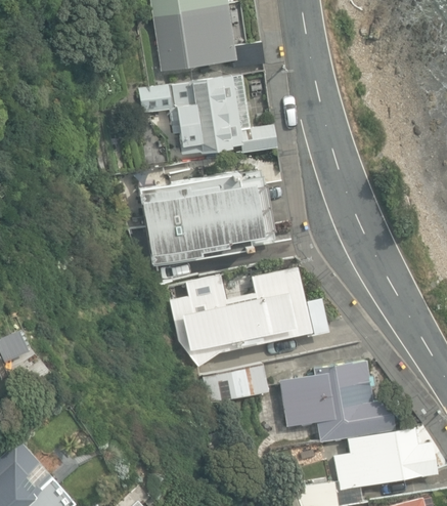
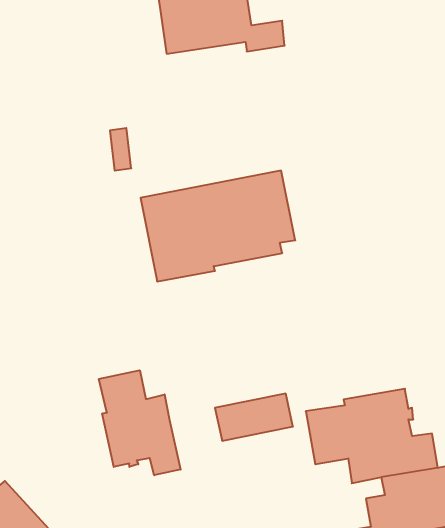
building: [140,76,277,155] -> none
building: [168,266,328,367] -> none
building: none -> [99,370,181,475]

